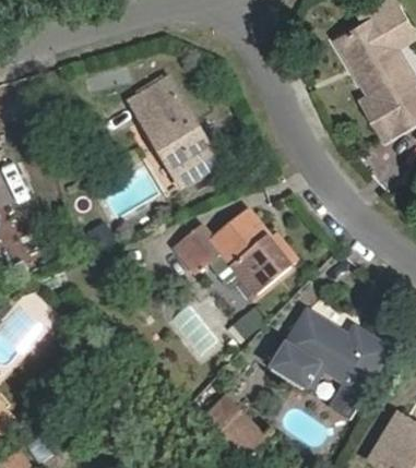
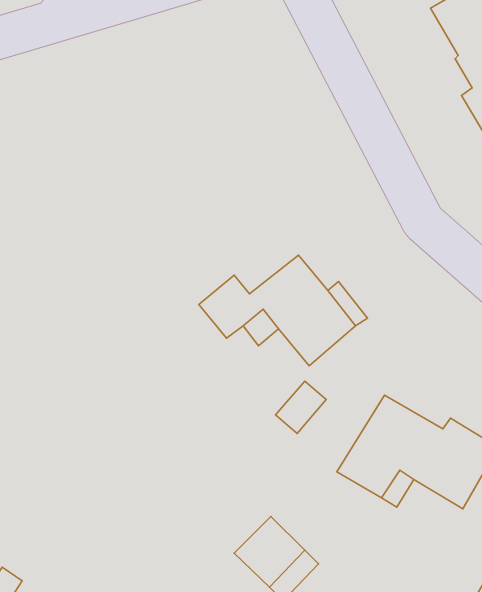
building: [133,82,215,185] -> none

